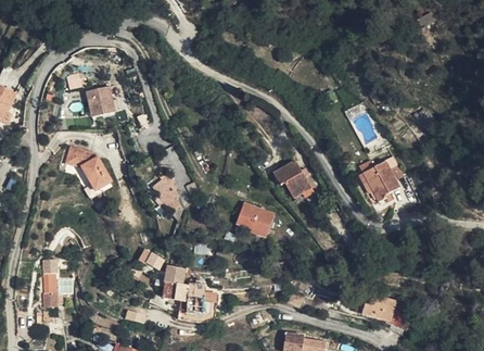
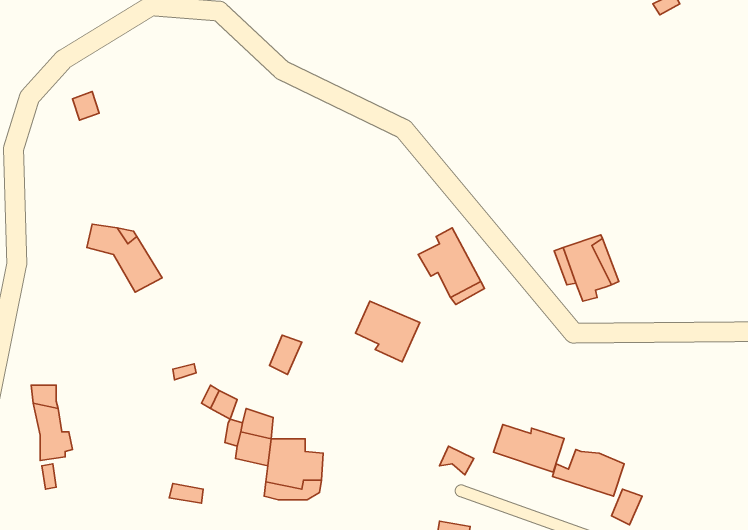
building: [90,90,119,122] -> none
building: [155,168,181,205] -> none
building: none -> [494,424,564,472]

